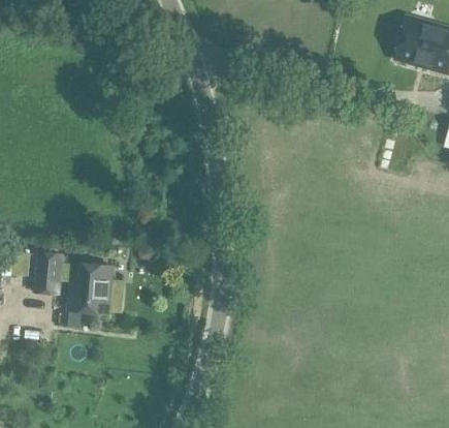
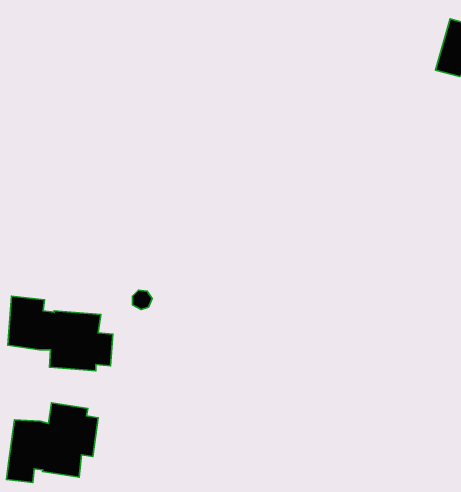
building: none -> [6,403,98,482]

